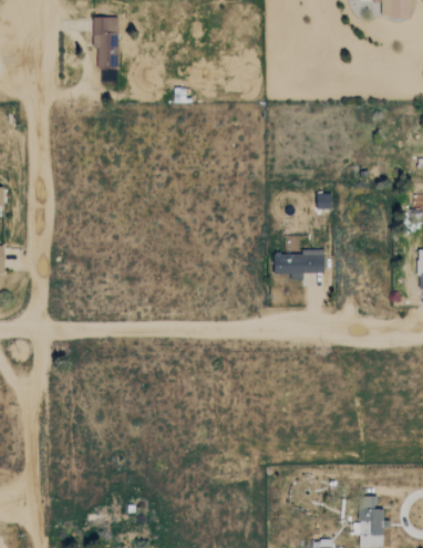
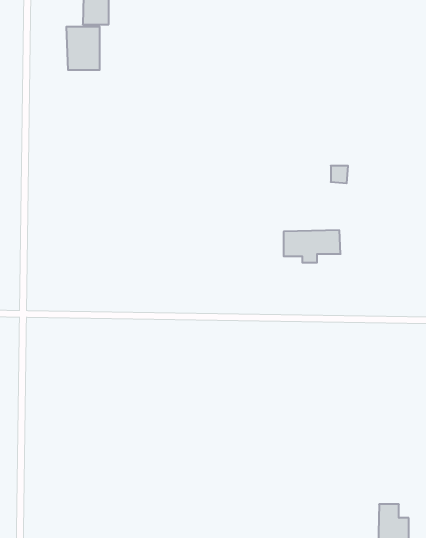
building: none -> [66,27,100,70]

